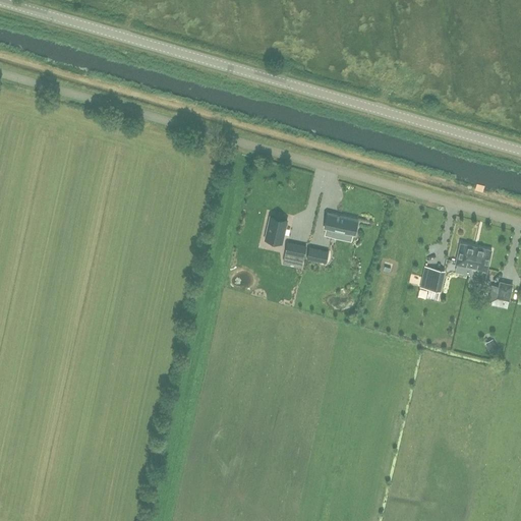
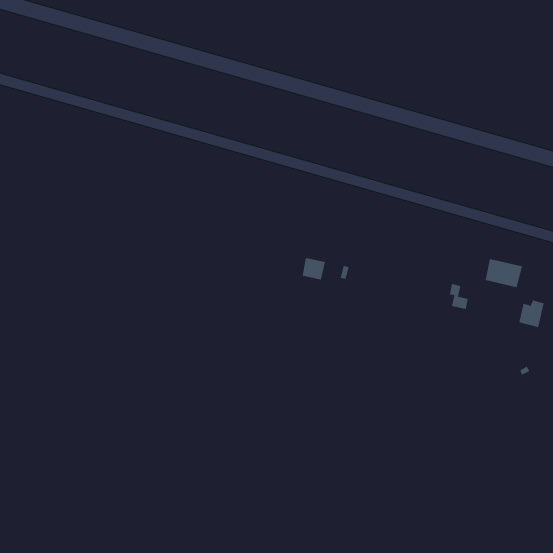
building: [324,213,357,237] -> none
building: [266,216,287,243] -> none

